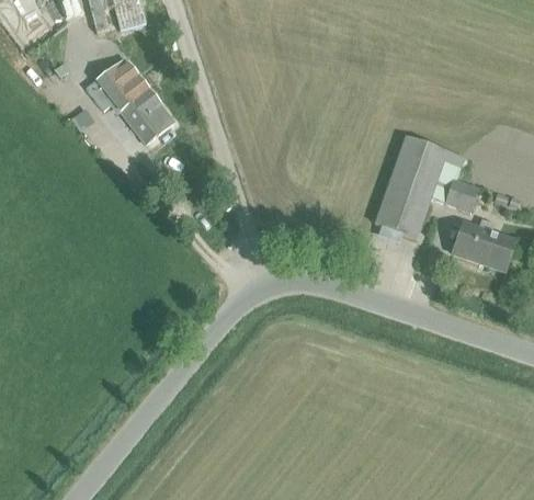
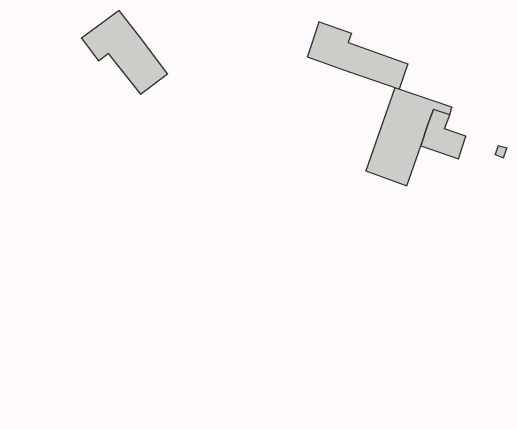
building: none -> [307,22,408,89]
building: [453,220,515,271] -> none

